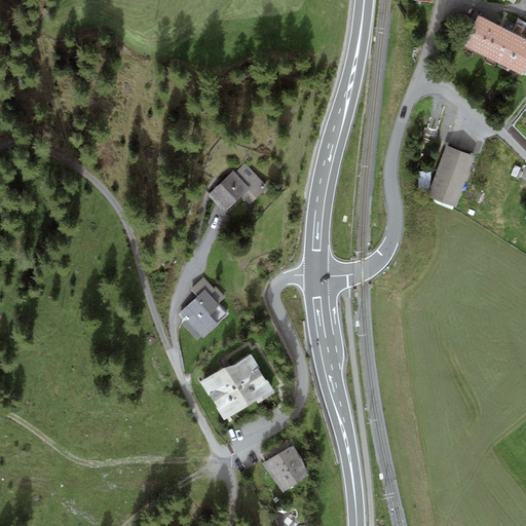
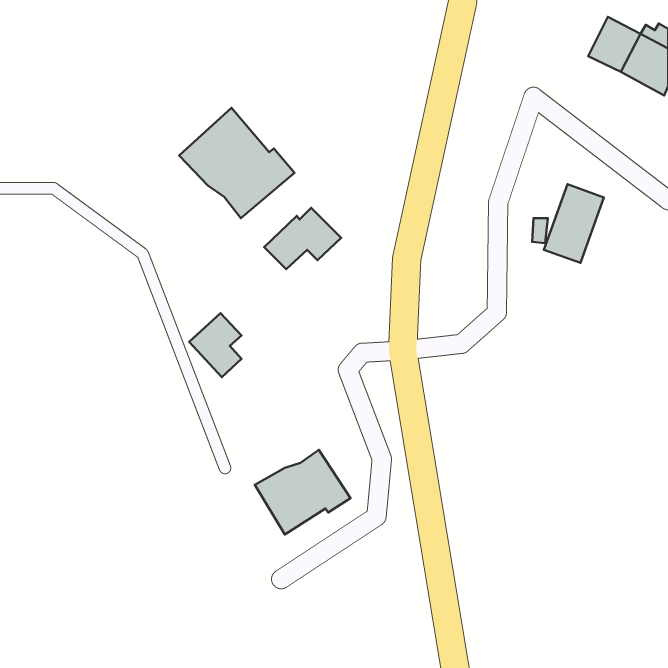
building: none -> [179,108,294,218]
building: [179,289,220,339] -> [189,313,242,377]
building: [263,445,308,492] -> none

